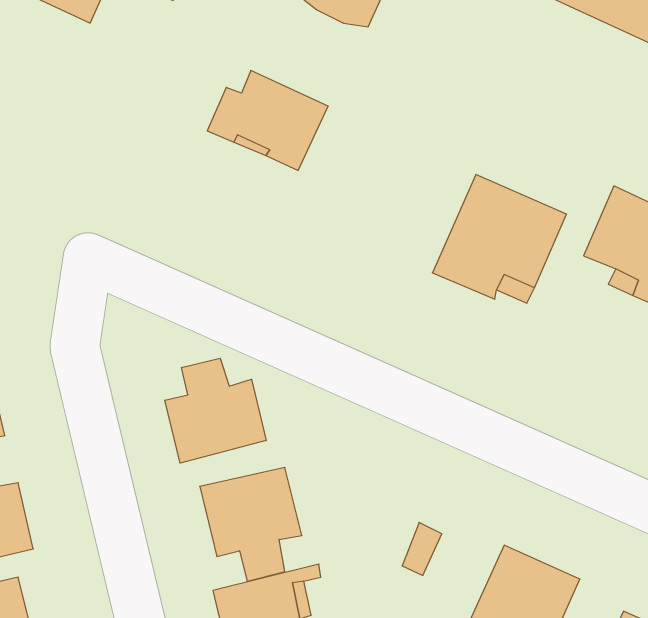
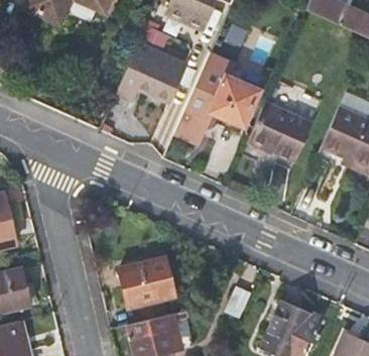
building: none -> [175,53,258,147]
building: [165,358,266,463] -> none

